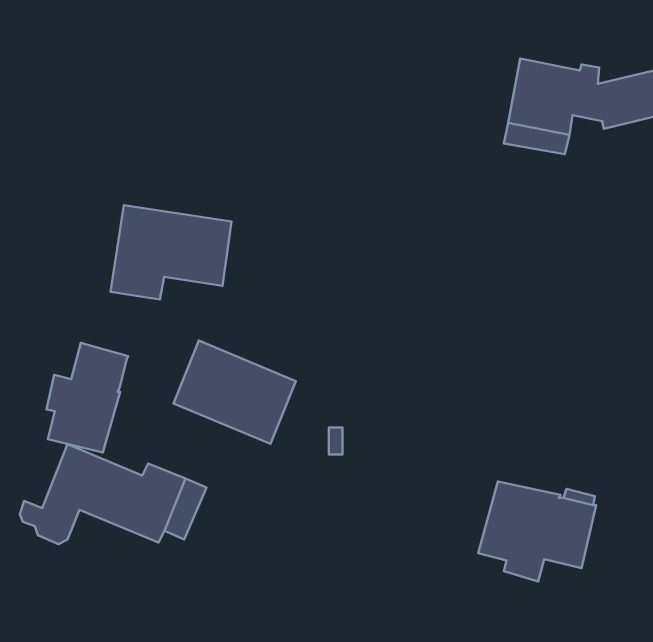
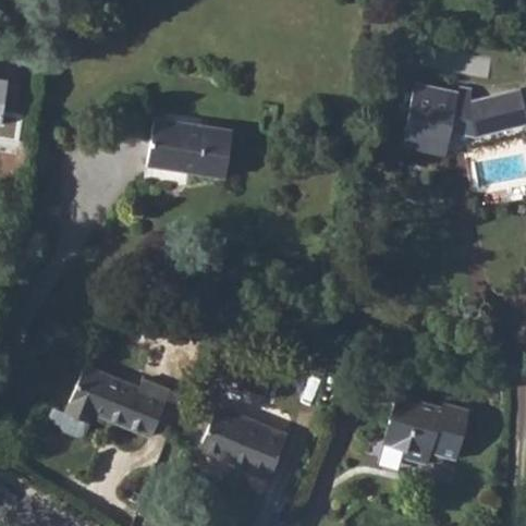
building: [111,205,231,299] -> [144,119,232,187]
building: [173,341,296,444] -> [198,406,288,481]
building: [47,343,128,453] -> none

